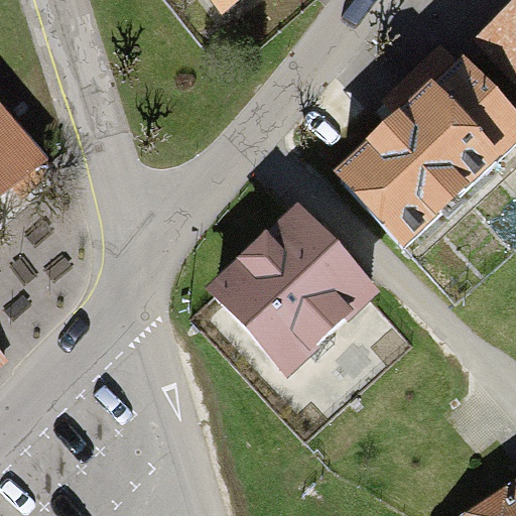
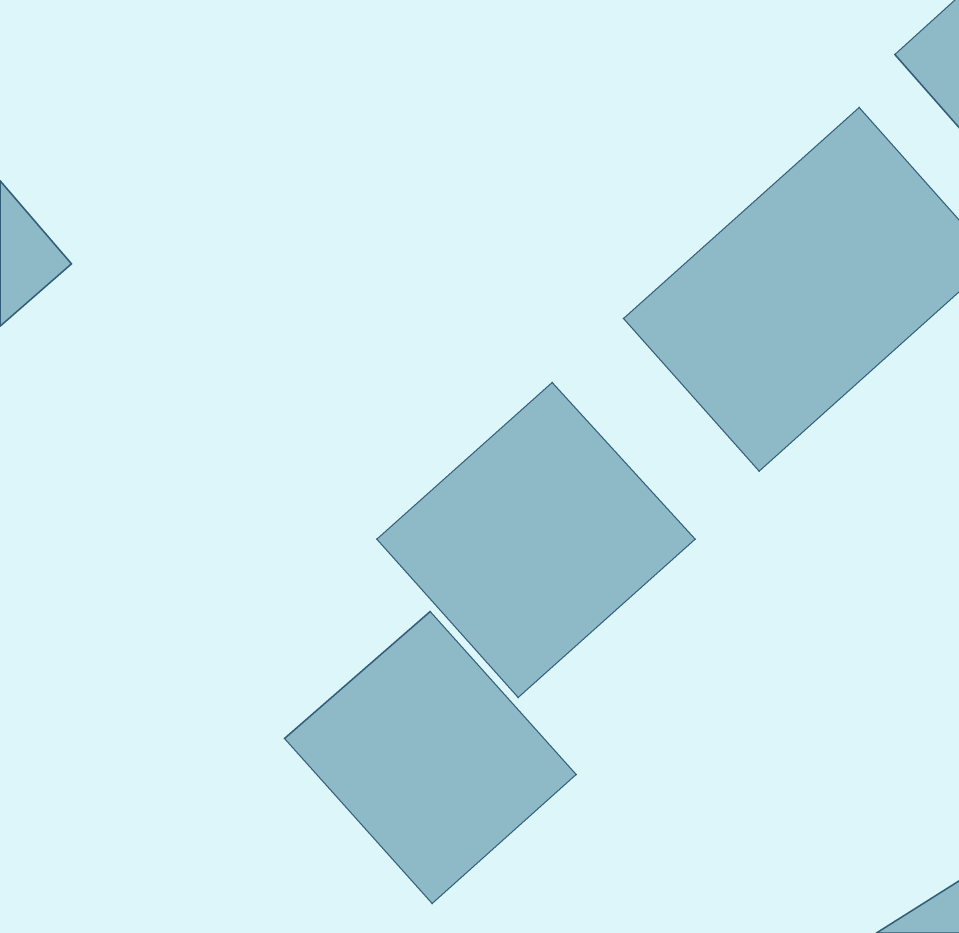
building: none -> [285,611,576,903]

